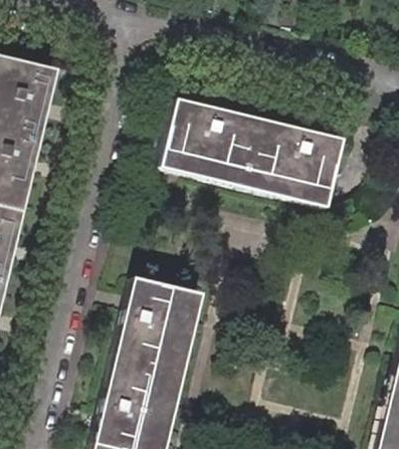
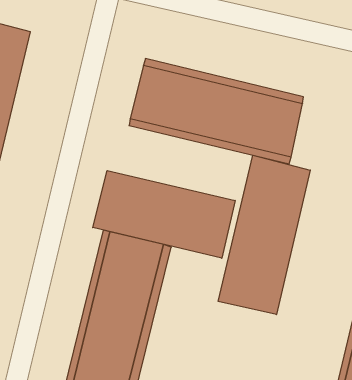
building: none -> [218,155,310,315]
building: none -> [93,171,235,258]

